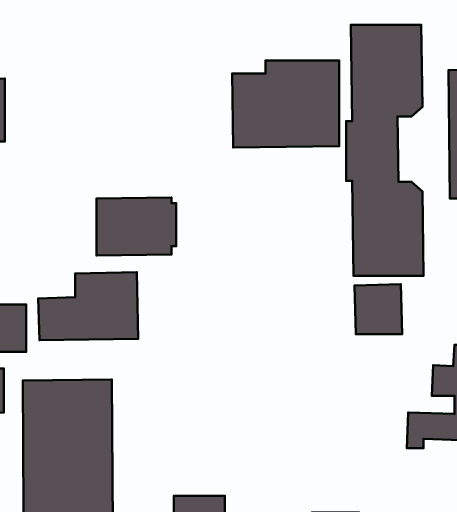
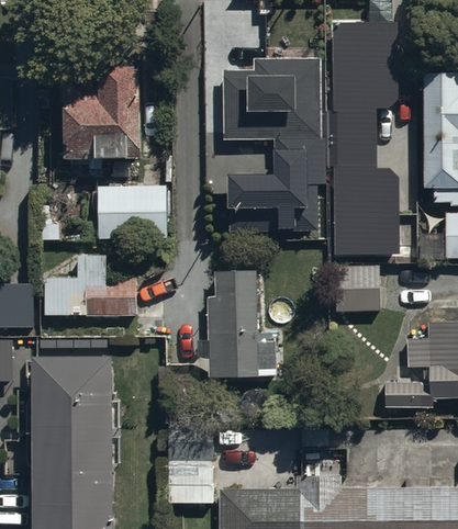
building: none -> [65,60,141,156]
building: none -> [228,140,325,233]
building: none -> [199,272,276,375]

